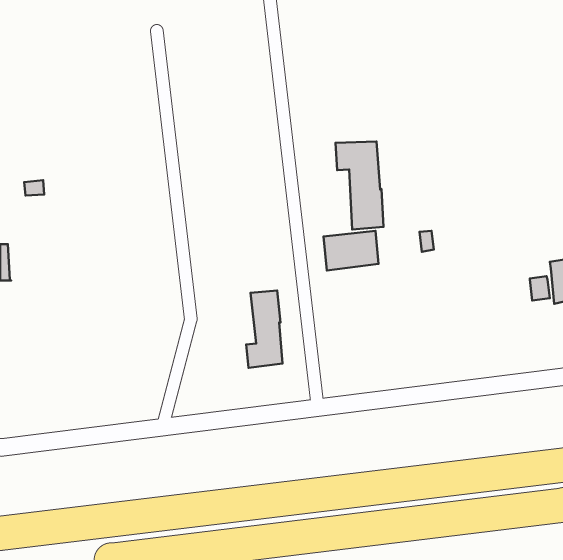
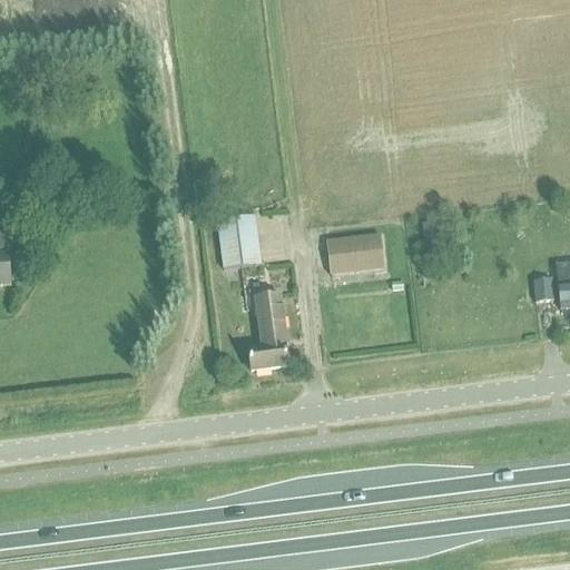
building: [335,141,384,229] -> none
building: none -> [216,214,261,268]

